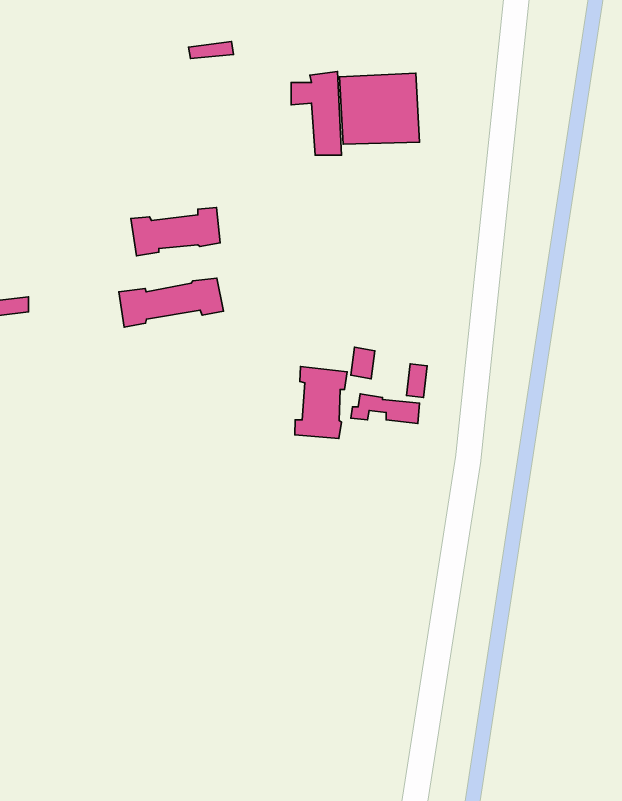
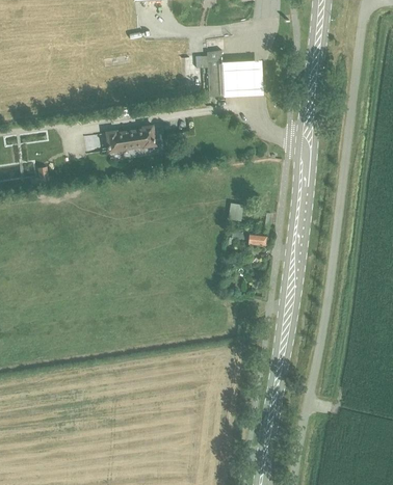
building: [119,278,223,327] -> none
building: [295,367,347,438] -> none

